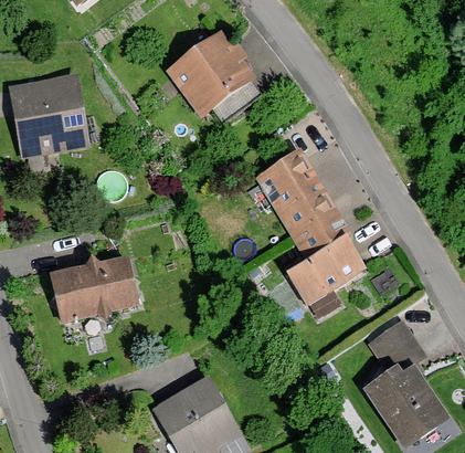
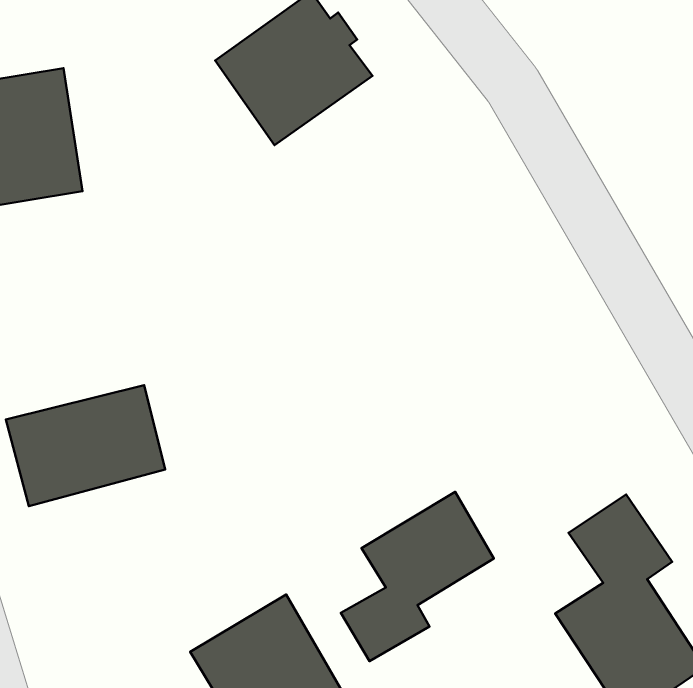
building: [255,151,363,306] -> none
building: none -> [341,492,494,661]

